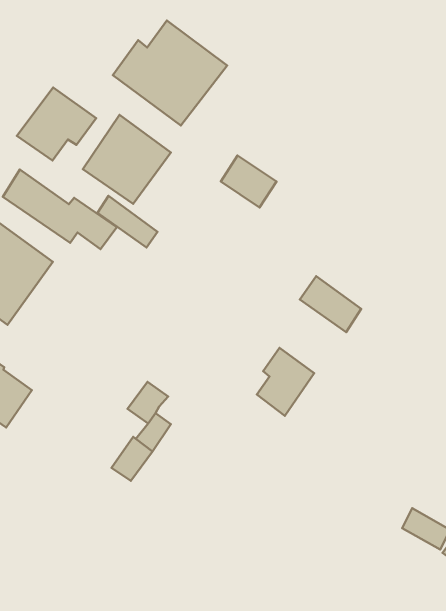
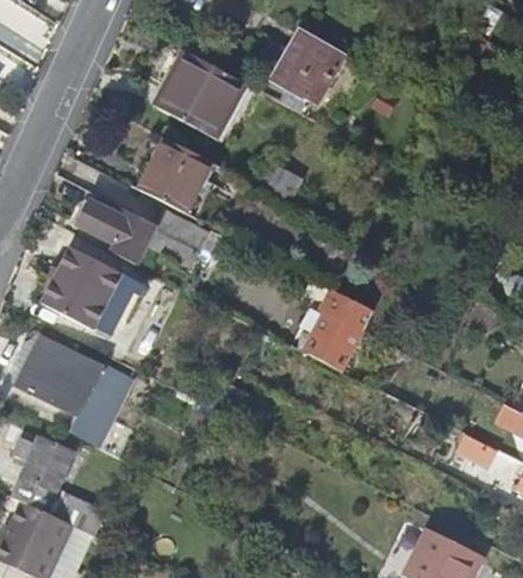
building: none -> [278,32,344,104]
building: [17,87,96,160] -> none
building: [300,276,361,332] -> [320,287,373,330]

